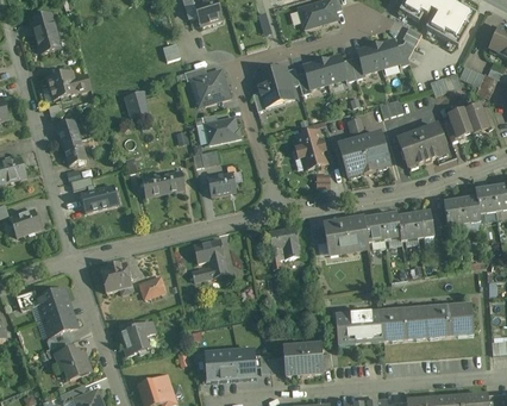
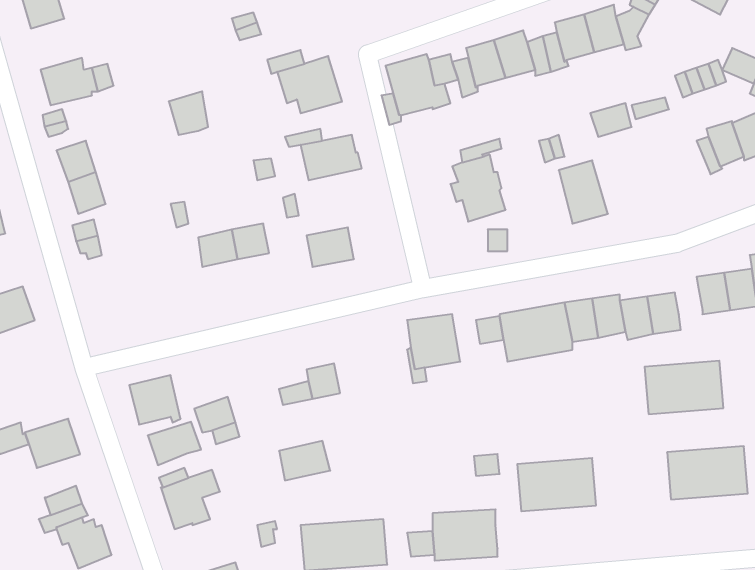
building: [398,124,446,167] -> none
building: [338,138,368,176] -> none
building: [81,185,118,211] -> none
building: [193,237,224,261] -> [279,441,330,480]
building: [380,308,427,341] -> [645,361,723,414]
building: [44,310,76,336] -> [148,422,201,465]

